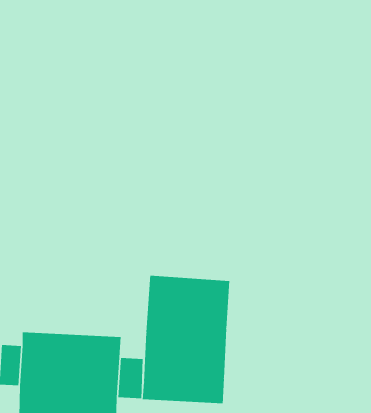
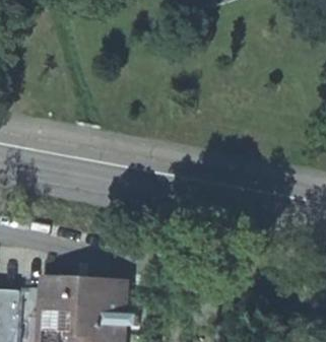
building: [142,275,230,404] -> none

